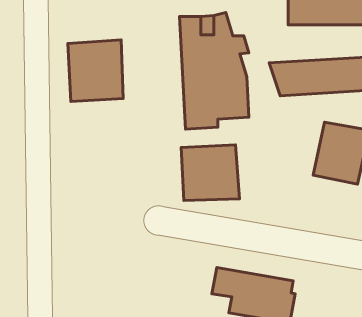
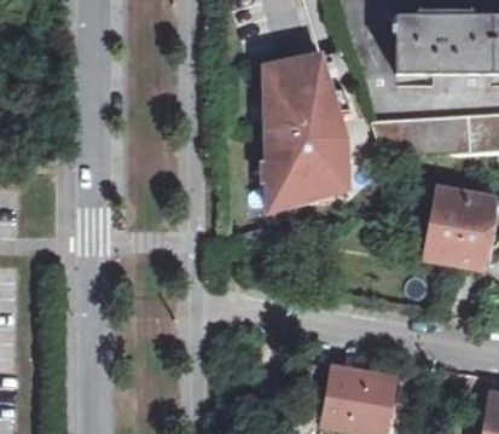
building: [68,40,123,101] -> none
building: [181,145,239,200] -> none

